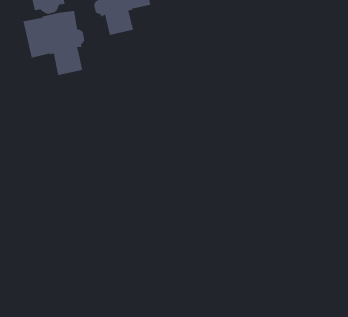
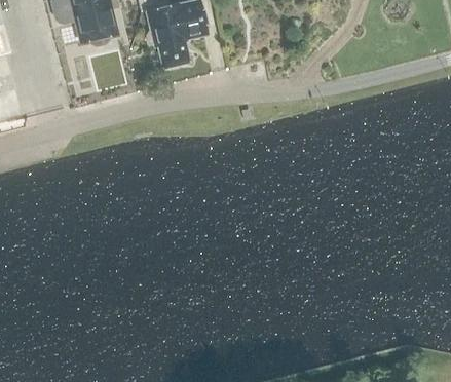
building: [23,10,85,76] -> none

